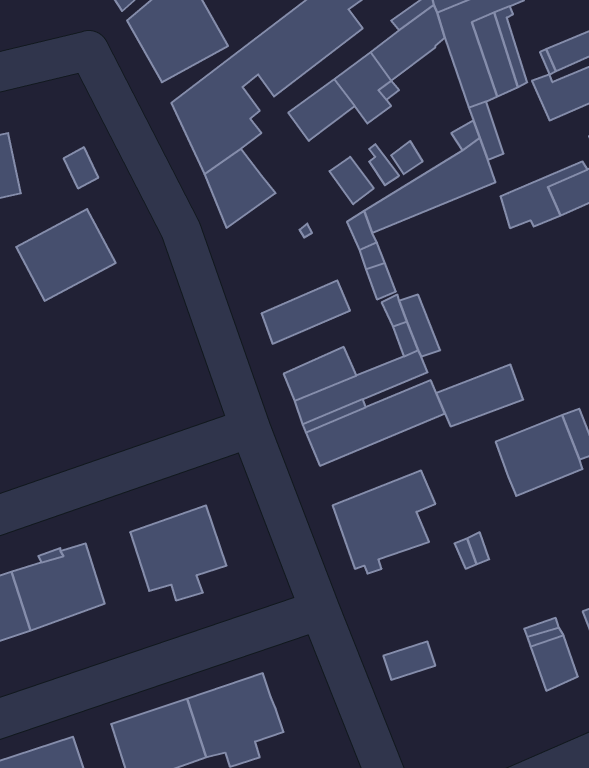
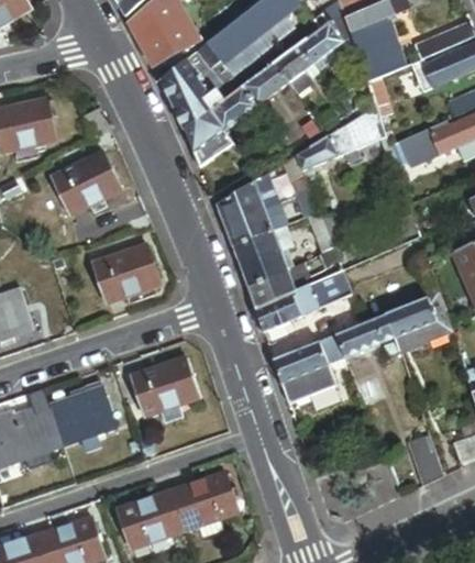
building: none -> [209,85,256,129]
building: none -> [214,172,278,224]
building: none -> [231,222,292,266]
building: none -> [92,245,159,303]
building: [436,365,523,426] -> [334,313,395,356]

